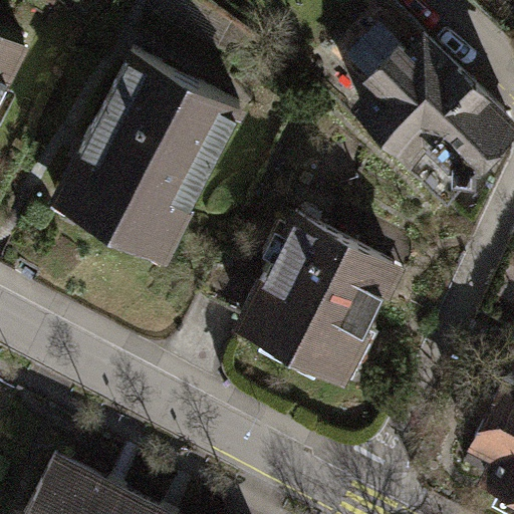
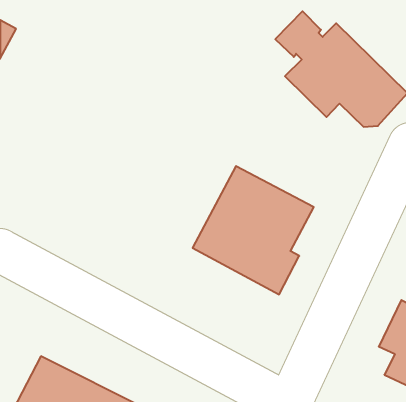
building: [61,54,242,255] -> none

